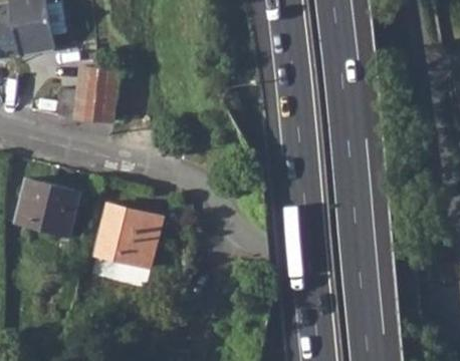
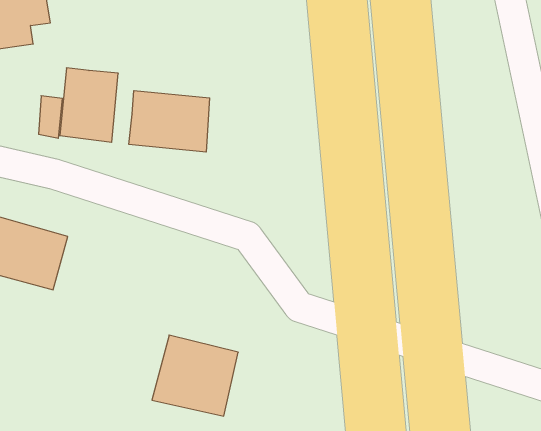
building: none -> [129,91,210,152]
building: [95,204,161,265] -> [152,335,238,416]

